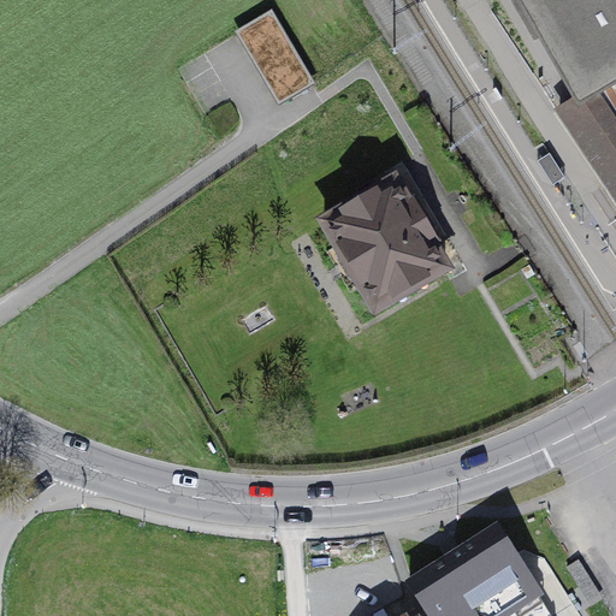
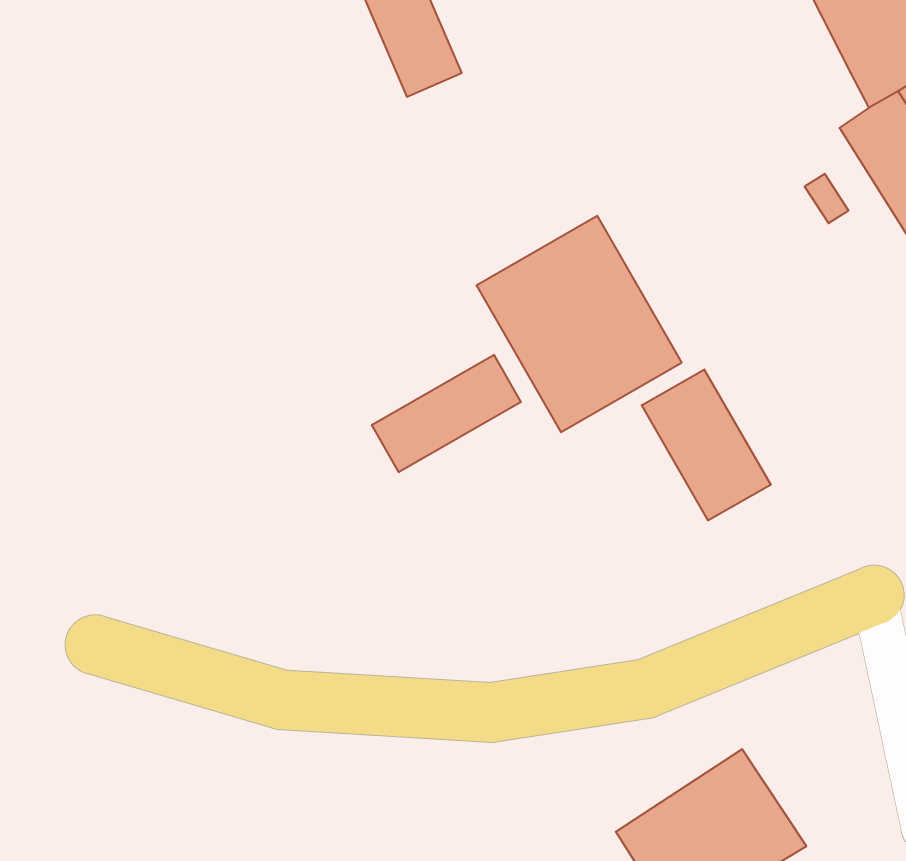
building: none -> [372,355,521,472]
building: none -> [642,369,771,520]

